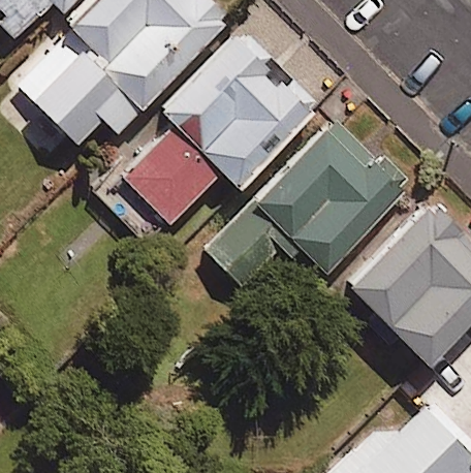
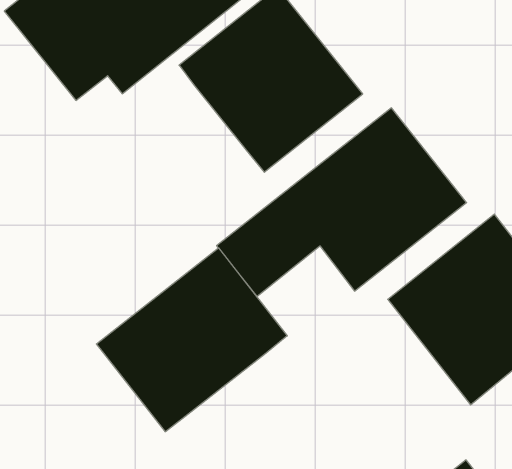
building: [119,122,222,225] -> none
building: none -> [96,248,287,432]

